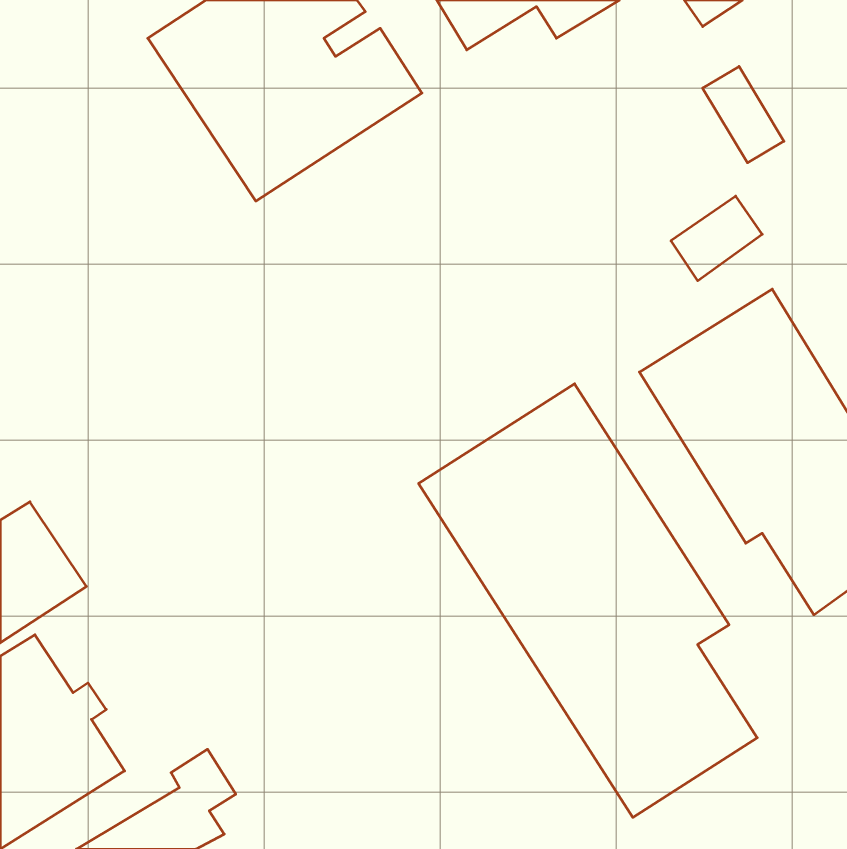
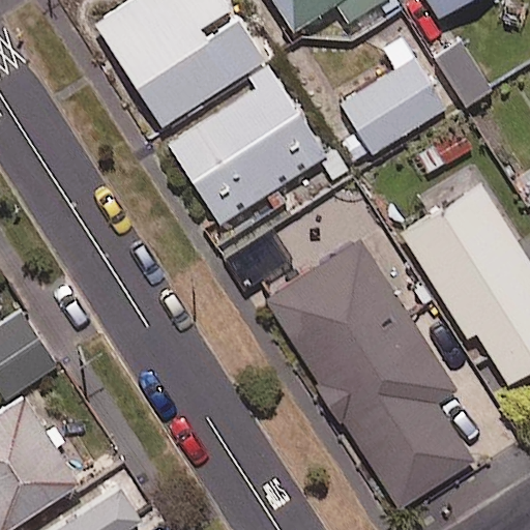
building: none -> [338,35,445,163]
building: none -> [168,63,350,223]

